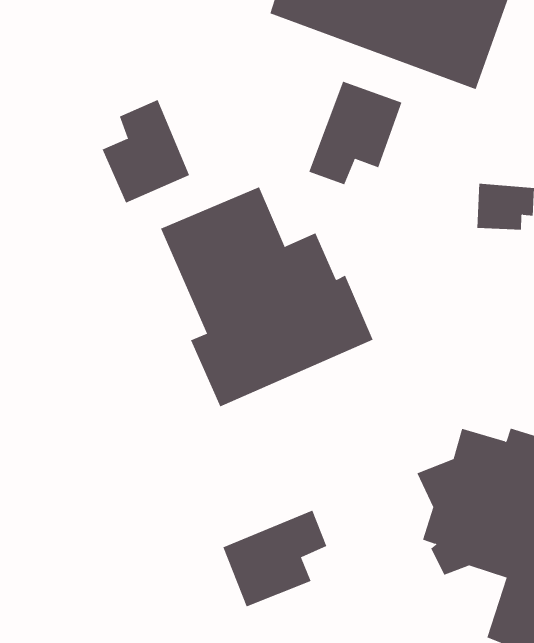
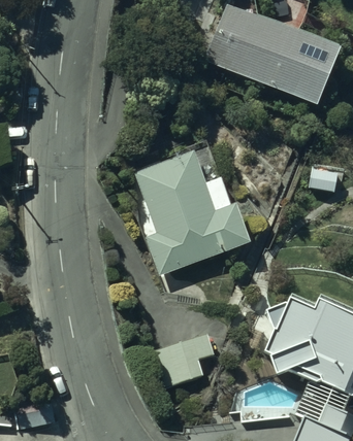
building: [308,81,402,185] -> none
building: [102,99,190,204] -> none

